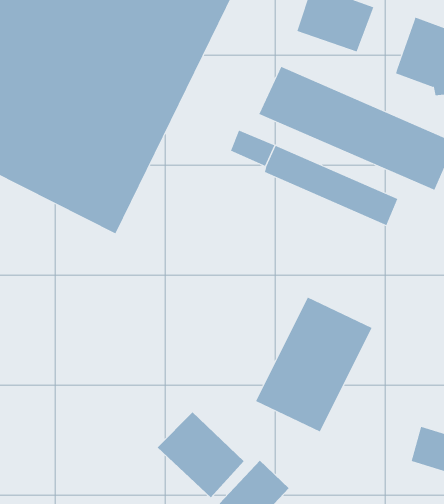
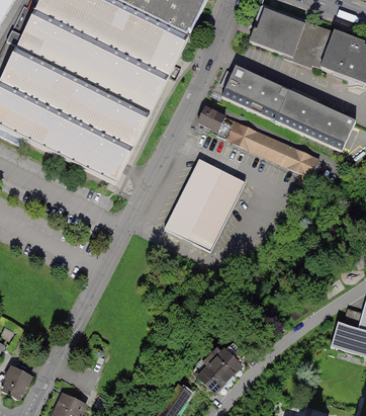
building: none -> [288,20,331,66]
building: [255,297,372,432] -> [164,156,248,253]
building: [157,411,245,498] -> none

